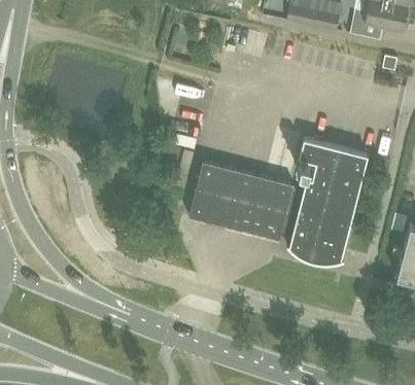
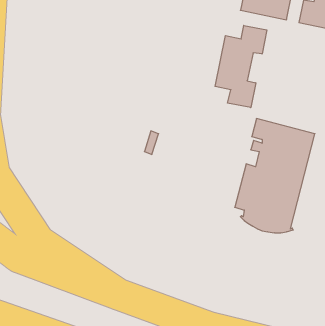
building: none -> [215,25,267,108]
building: [188,163,293,241] -> none

